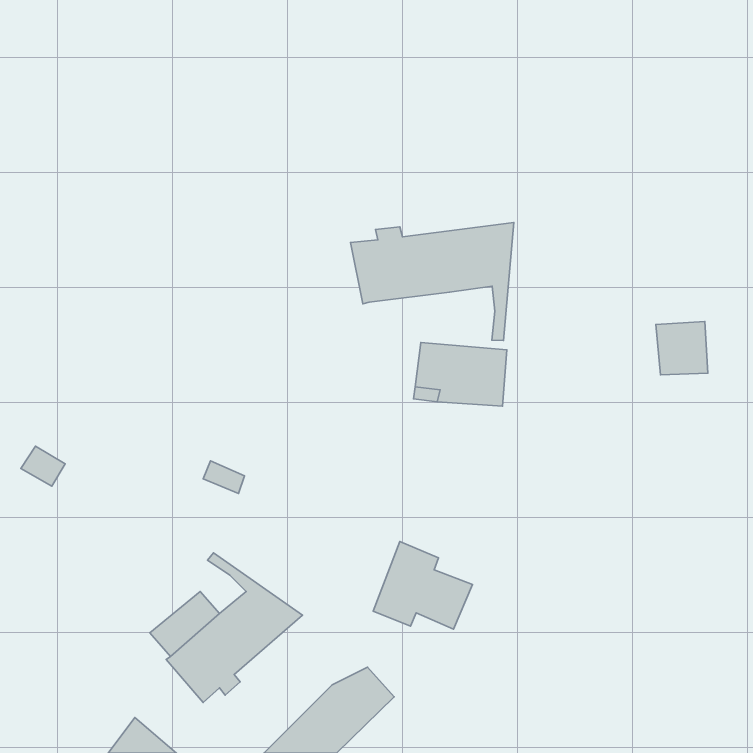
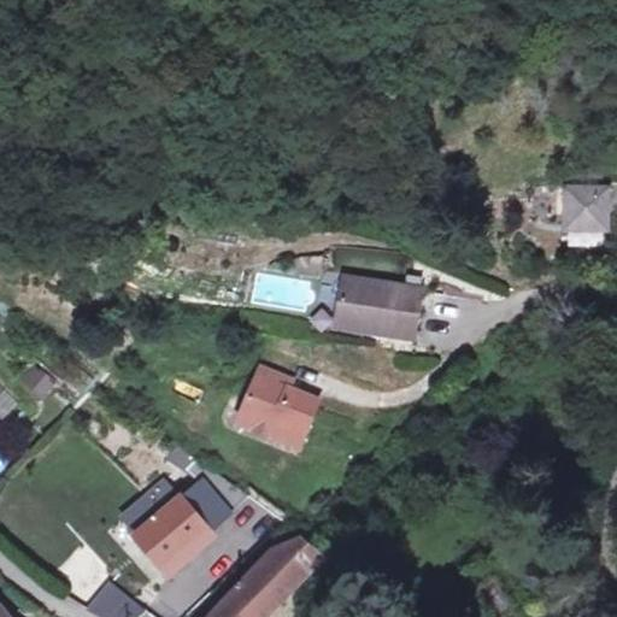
building: [351,223,514,340] -> none
building: [656,321,708,375] -> [564,188,606,231]
building: [373,542,473,629] -> [234,371,315,442]

